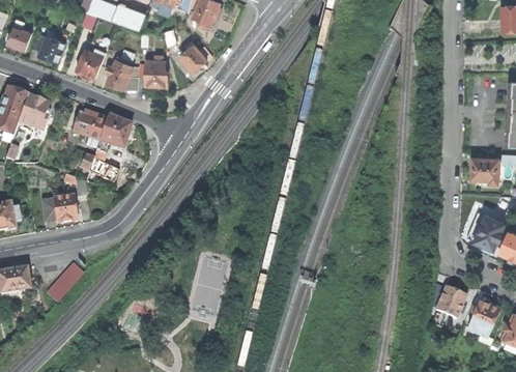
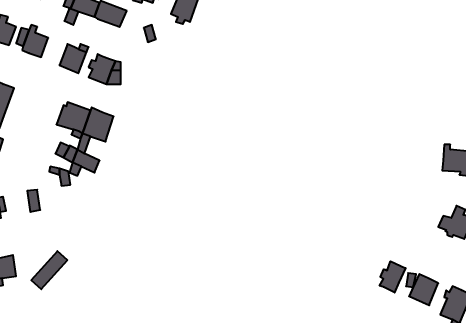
building: [178,40,212,73] -> none
building: [145,55,168,86] -> none
building: [19,94,51,131] -> none
building: [53,195,77,222] -> none
building: none -> [380,261,406,293]

